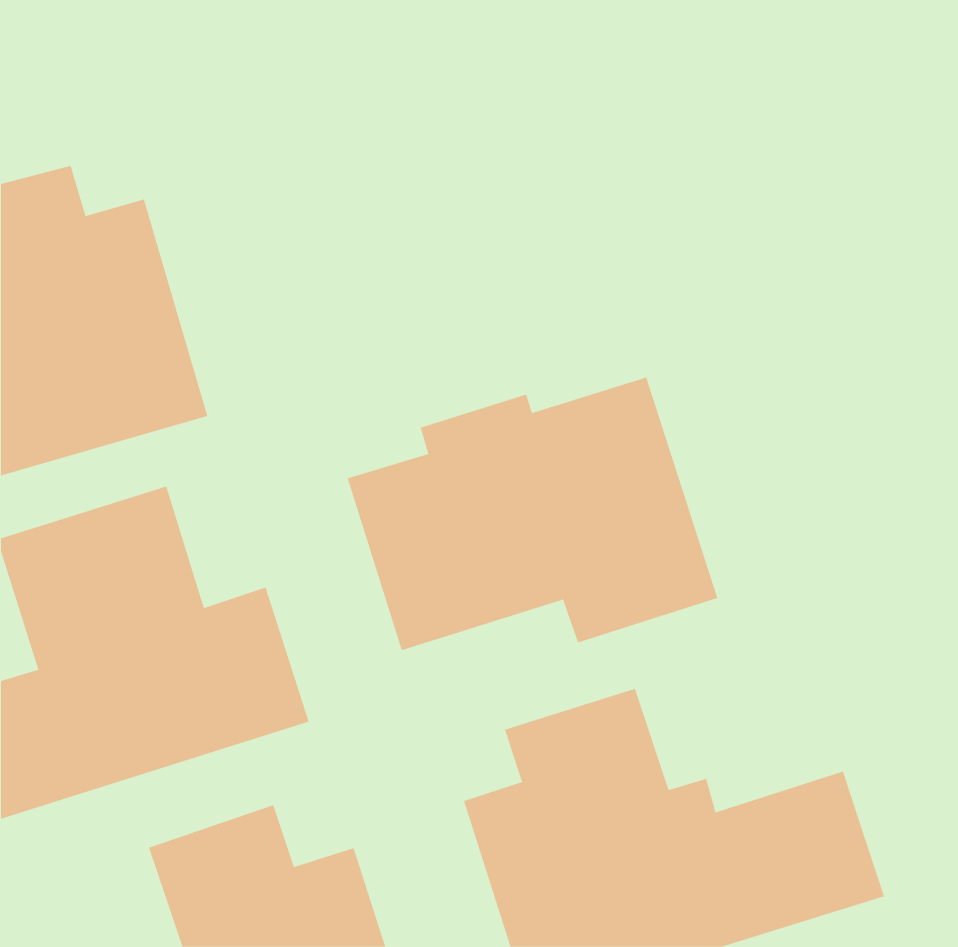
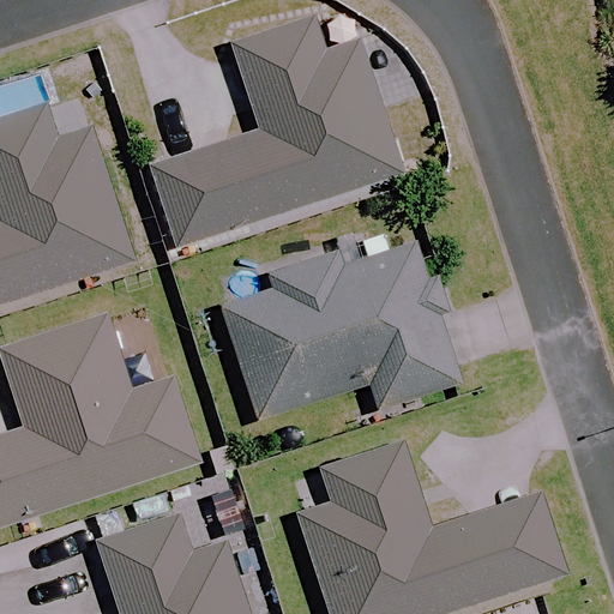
building: none -> [150,18,402,249]

